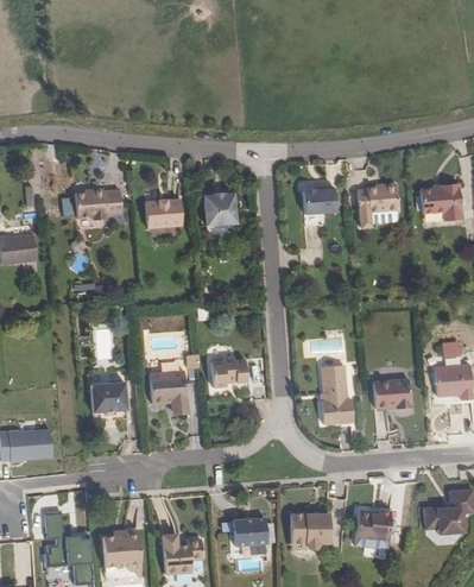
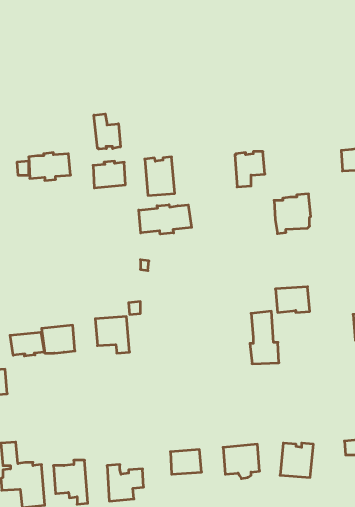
building: none -> [94,114,120,149]
building: [358,179,398,223] -> [274,194,311,234]
building: none -> [139,205,192,234]
building: [210,355,246,386] -> none
building: [375,379,413,408] -> [275,287,310,312]
building: none -> [10,332,44,356]

